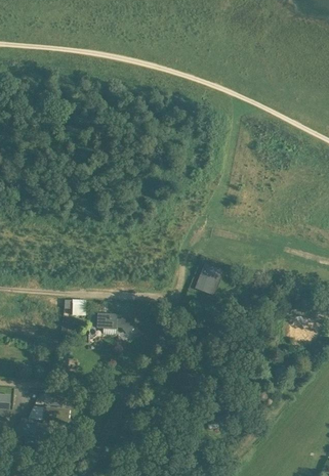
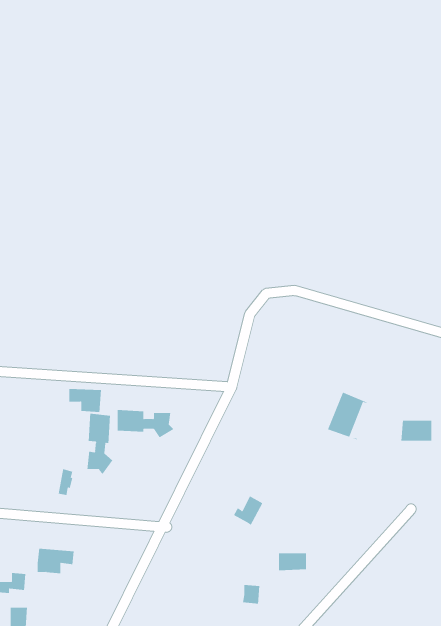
building: [194,263,223,296] -> [327,392,371,440]
building: none -> [87,413,113,475]

